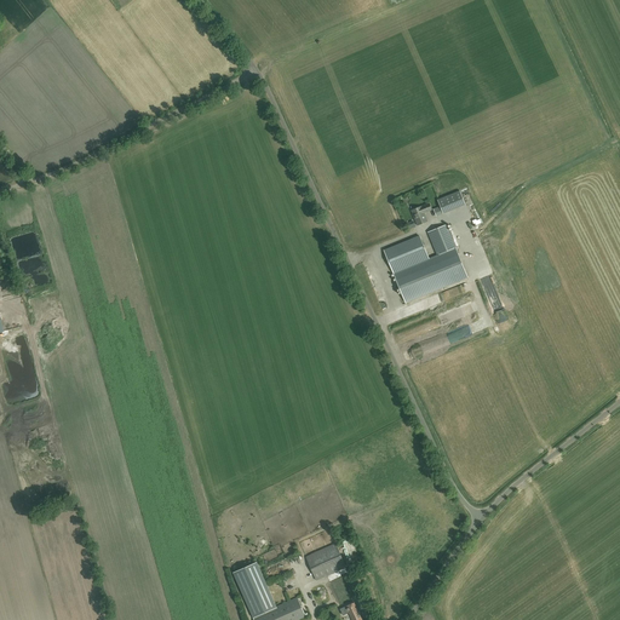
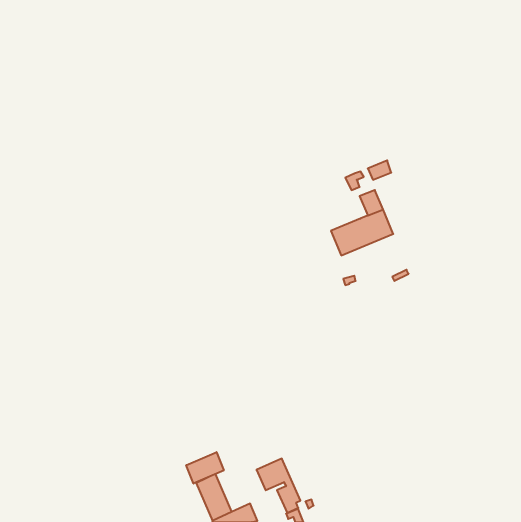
building: [383,236,427,274] -> none
building: none -> [186,452,224,484]

